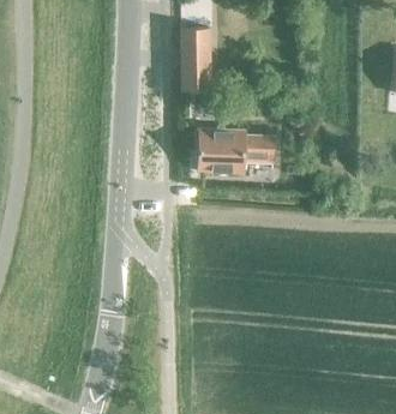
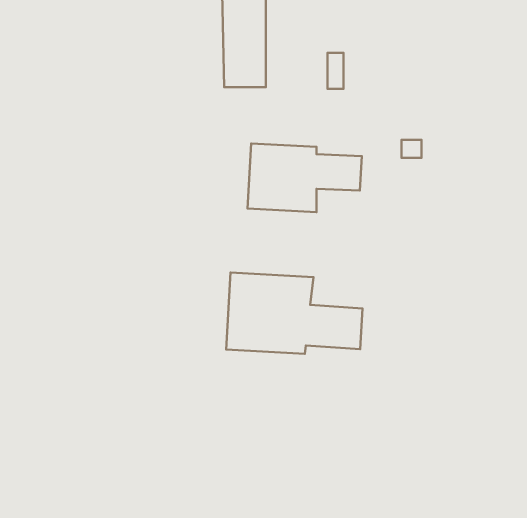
building: none -> [226,272,363,354]

